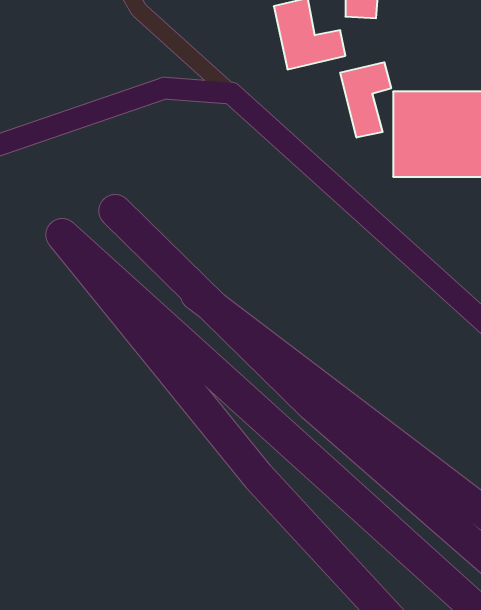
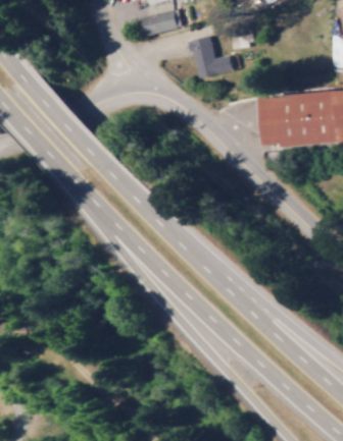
building: [340,62,391,138] -> none

